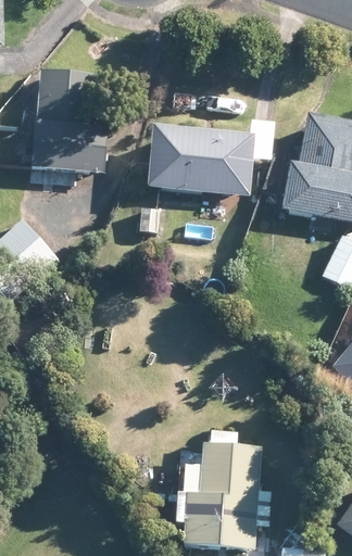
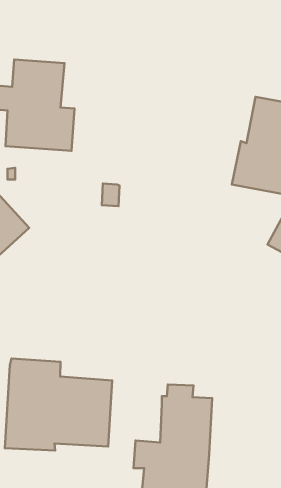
building: [148,121,274,195] -> none
building: none -> [5,359,112,450]

